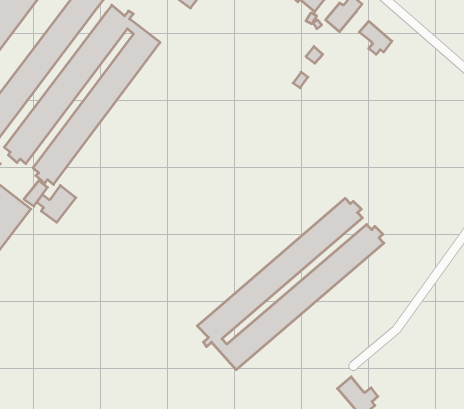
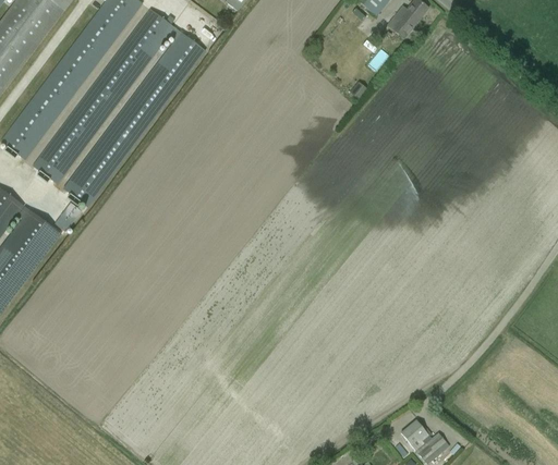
building: [359,21,392,54] -> none
building: [37,185,76,222] -> none
building: [197,198,384,370] -> none

